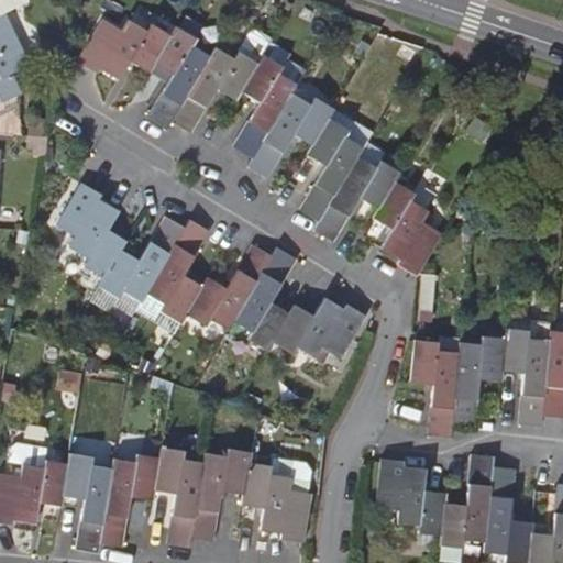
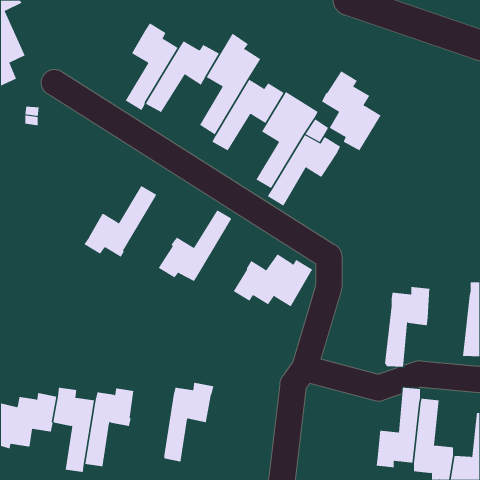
building: [77,20,169,78] -> none
building: [372,180,442,275] -> [321,70,381,151]
building: [57,183,126,278] -> none
building: [145,219,209,323] -> none
building: [233,246,296,351] -> none
building: [501,328,550,427] -> none
building: [410,340,457,439] -> none
building: [153,448,202,548] -> none
building: [241,457,311,542] -> none
building: [376,461,444,536] -> none

